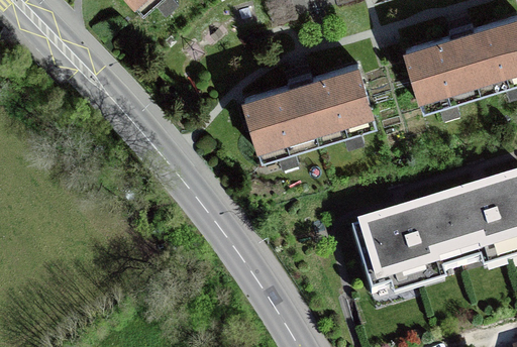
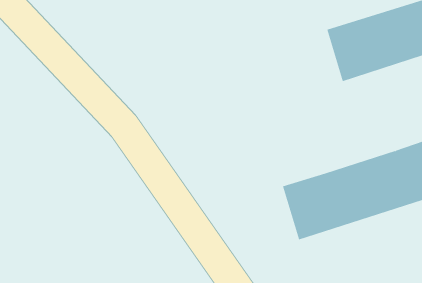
building: [241,64,377,158] -> none

